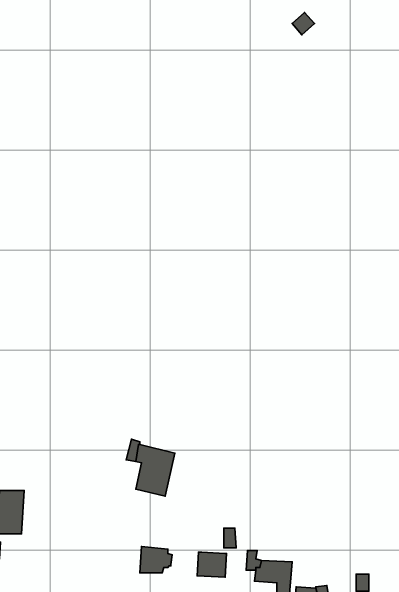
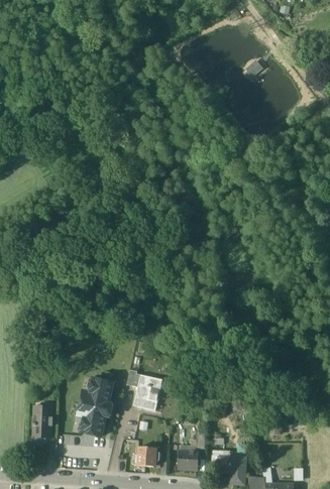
building: none -> [78,368,116,436]

